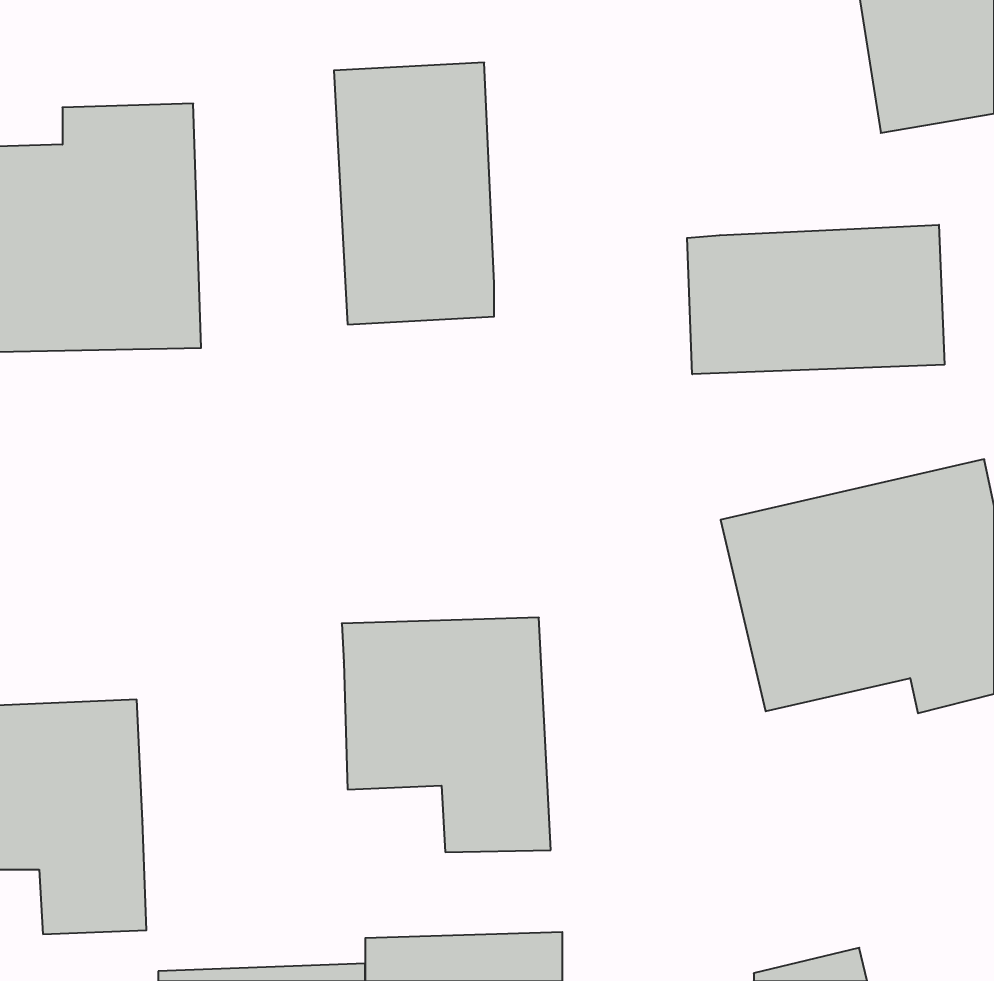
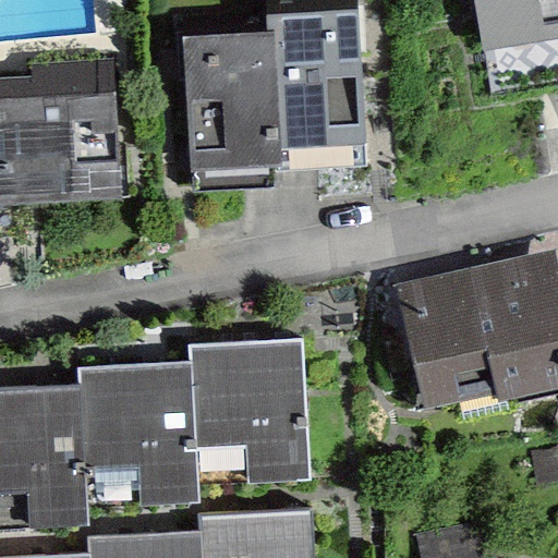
building: none -> [269,10,359,158]
building: [687,225,944,374] -> none
building: none -> [76,369,194,502]

